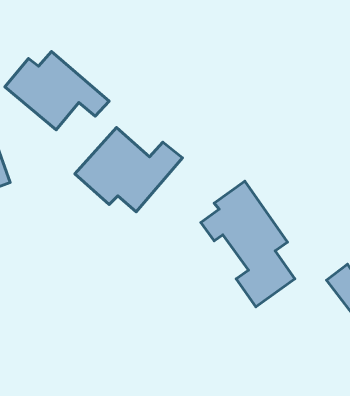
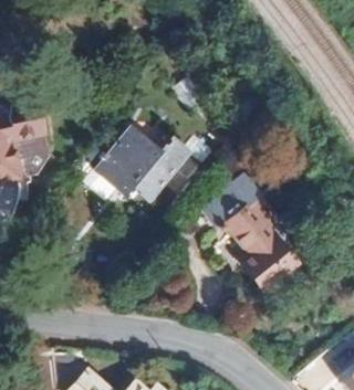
building: [5,52,109,130] -> none

